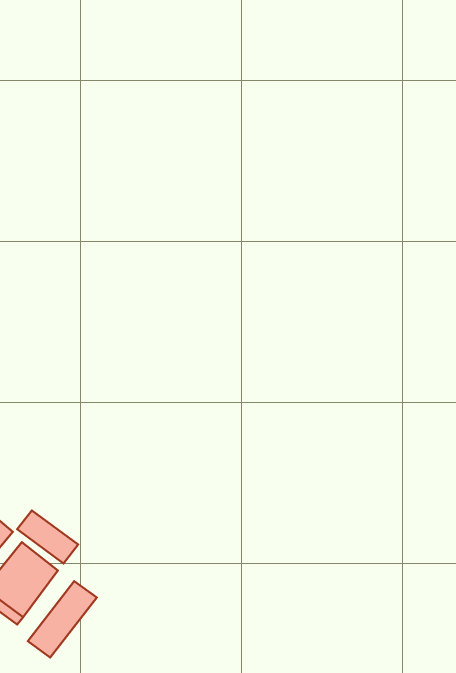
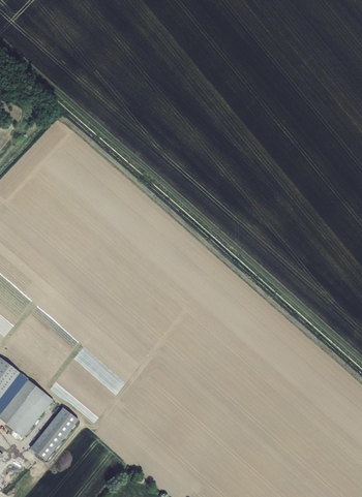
building: [17,510,78,563] -> none

